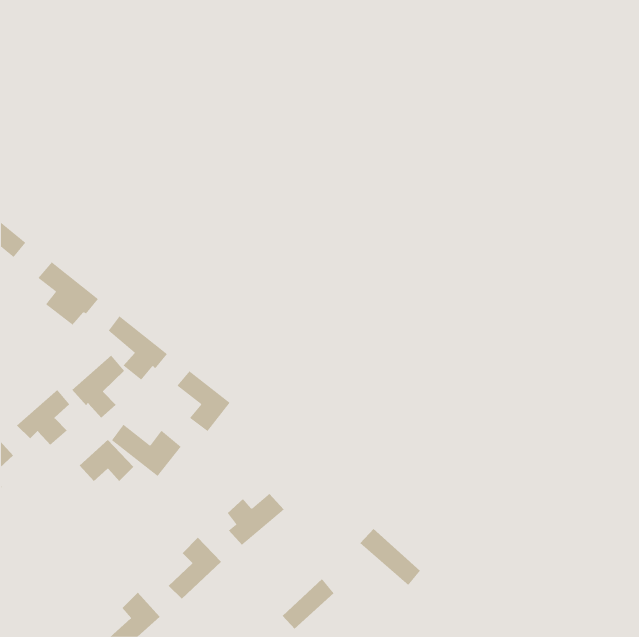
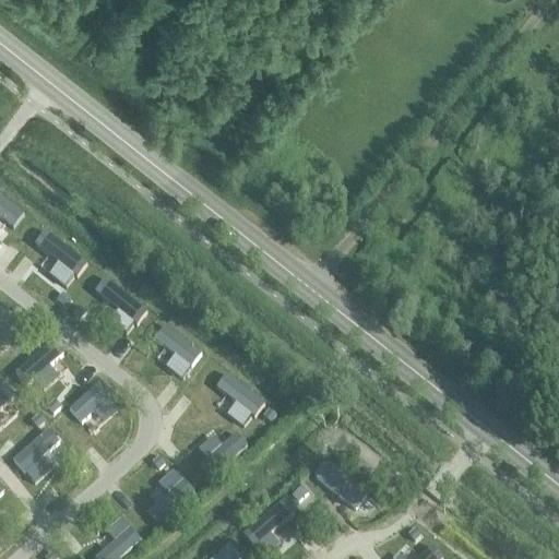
building: [71,355,125,418] -> none
building: [111,424,181,477] -> none
building: none -> [216,371,265,425]
building: none -> [13,427,60,481]

